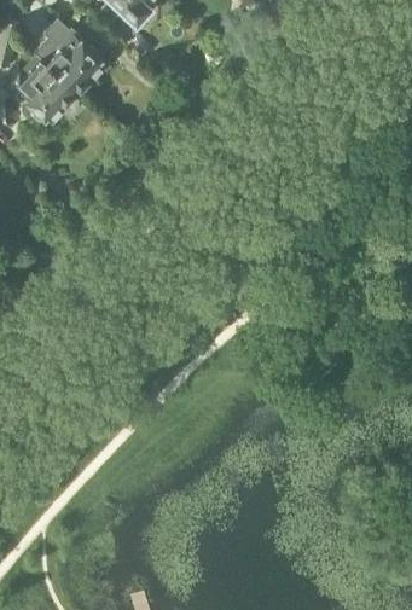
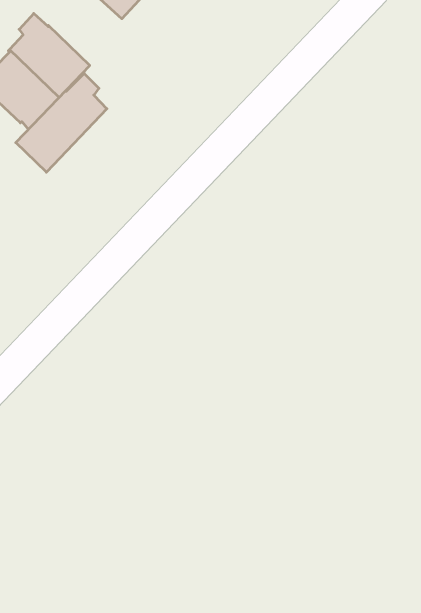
building: none -> [16,73,107,172]

